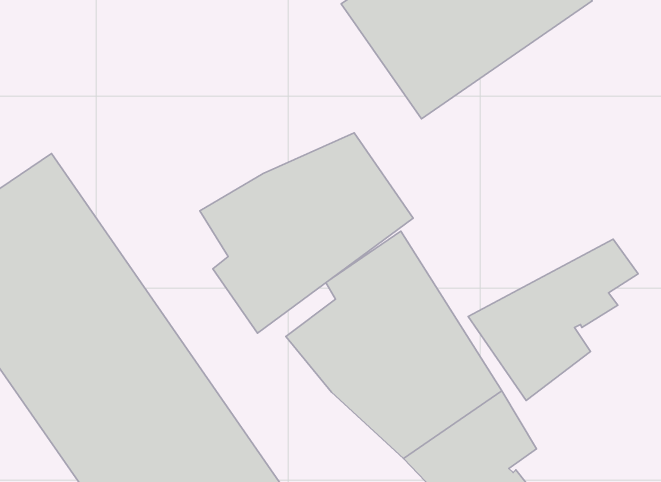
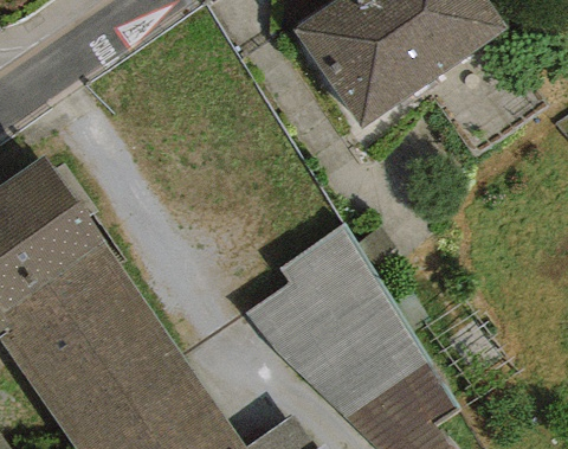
building: [200,133,413,333] -> none
building: [468,239,638,401] -> none

